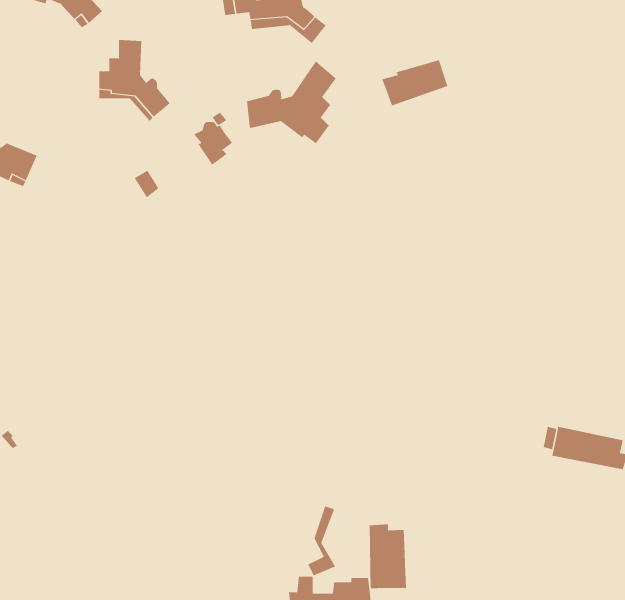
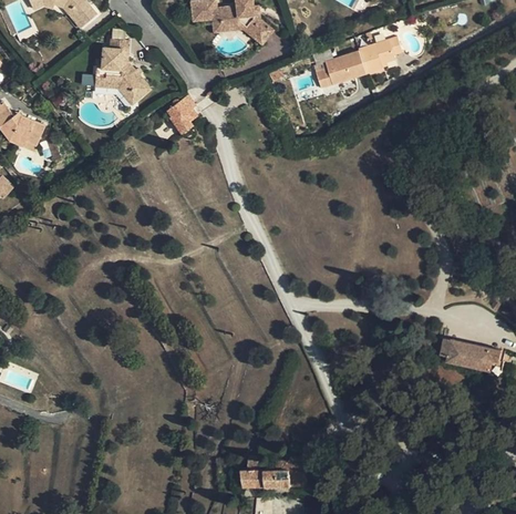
building: none -> [358,38,402,76]
building: [246,60,337,144] -> none
building: [307,506,336,576] -> none
building: [369,523,407,589] -> none

